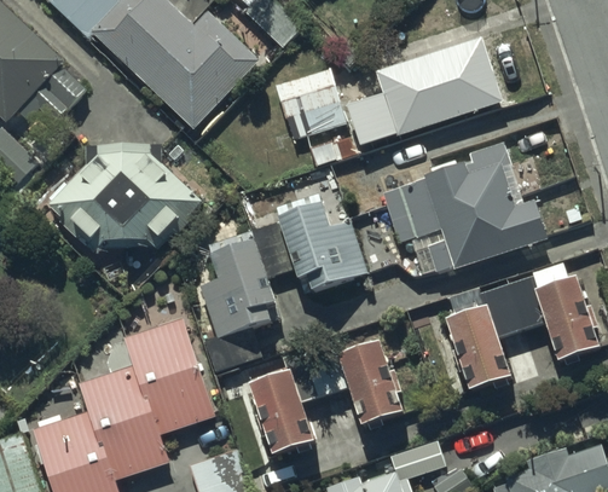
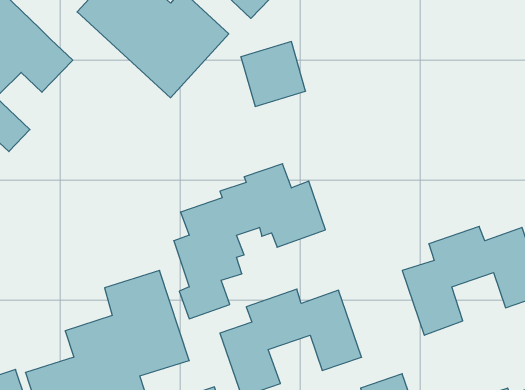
building: [344,36,502,145] -> none
building: [48,134,202,242] -> none
building: [378,154,548,272] -> none

